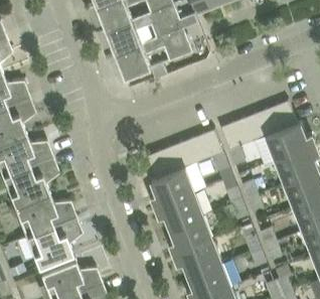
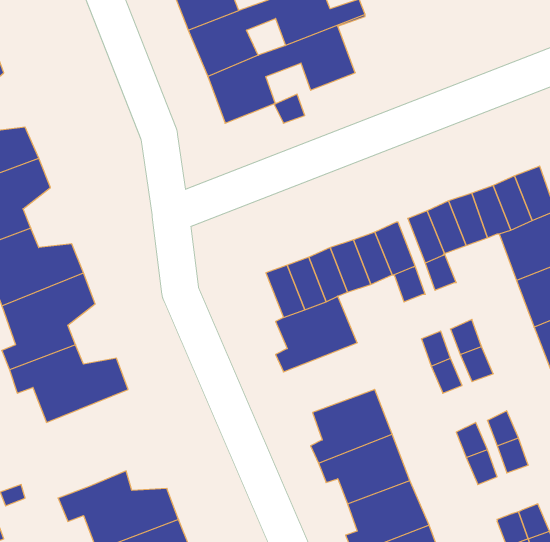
building: [156,193,203,230] -> none
building: [33,217,82,268] -> none

